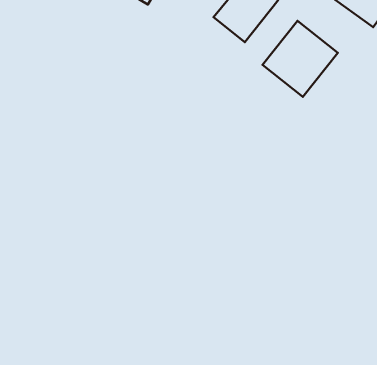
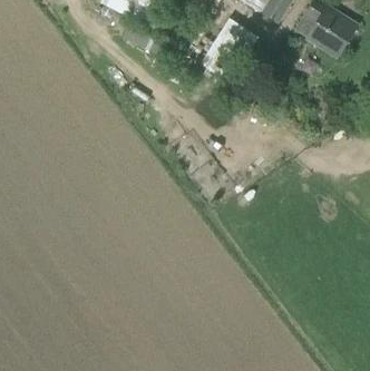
building: [262,21,338,97] -> none

